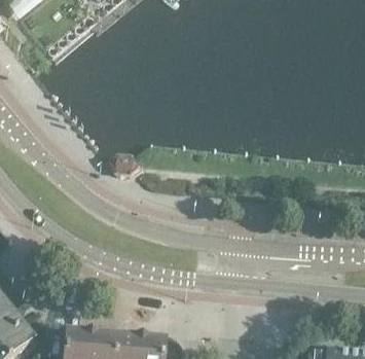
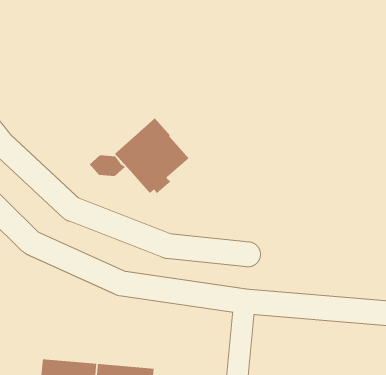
building: none -> [114,118,189,194]

